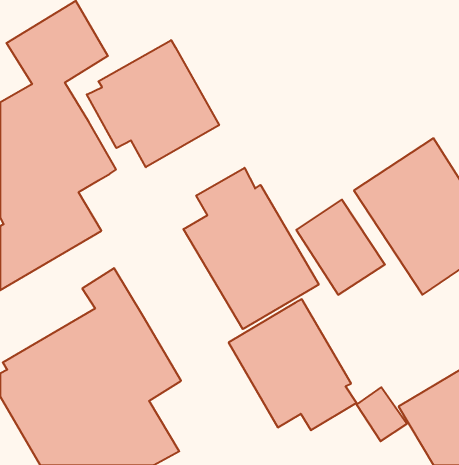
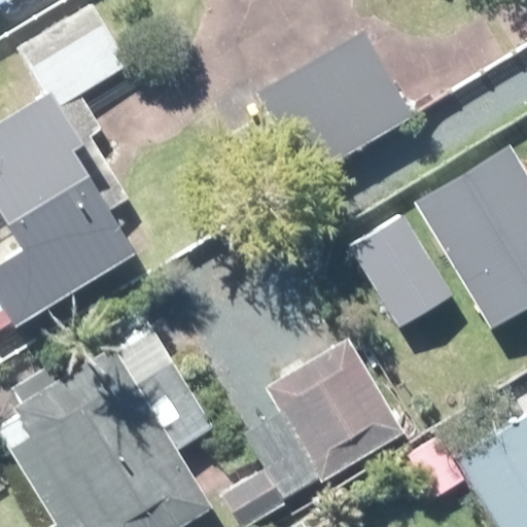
building: none -> [255,32,410,177]
building: [87,40,219,167] -> none
building: [183,168,319,329] -> none

